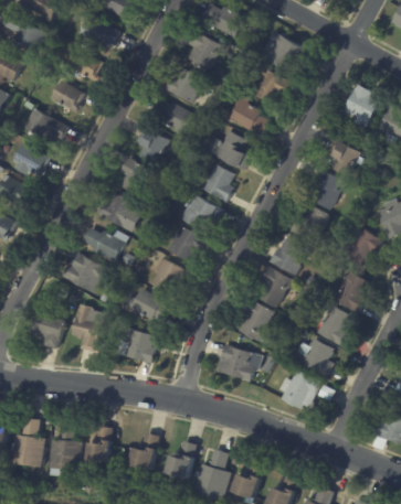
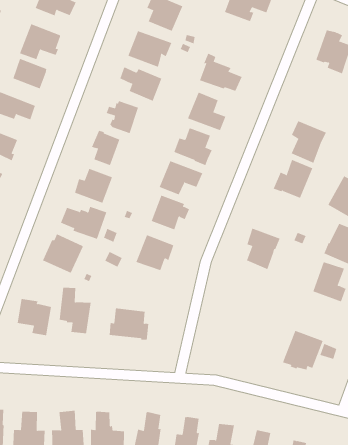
building: [254,68,293,104] -> none
building: [326,137,359,175] -> none
building: [268,234,312,276] -> none
building: [129,289,172,323] -> none
building: [239,299,275,341] -> none
building: [298,336,335,377] -> none
building: [218,344,255,382] -> none

